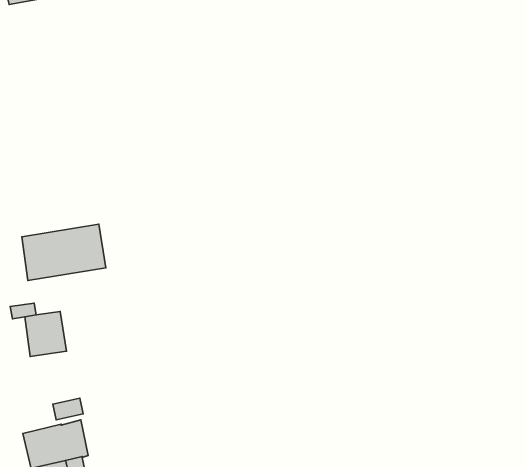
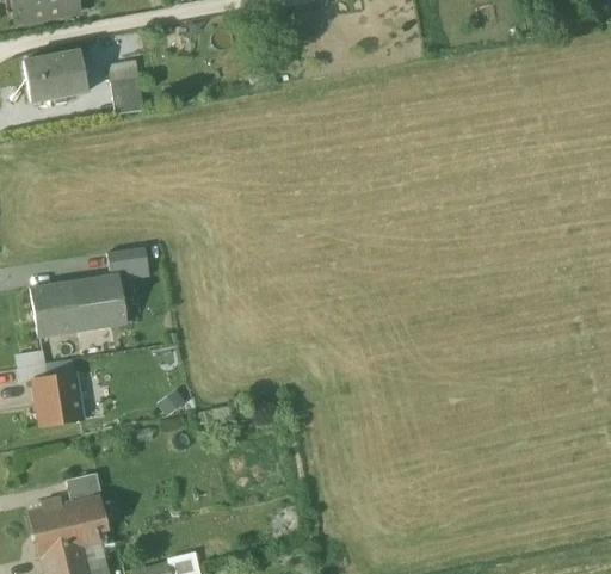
building: none -> [24,51,88,101]
building: none -> [111,78,143,115]
building: none -> [109,247,149,272]

